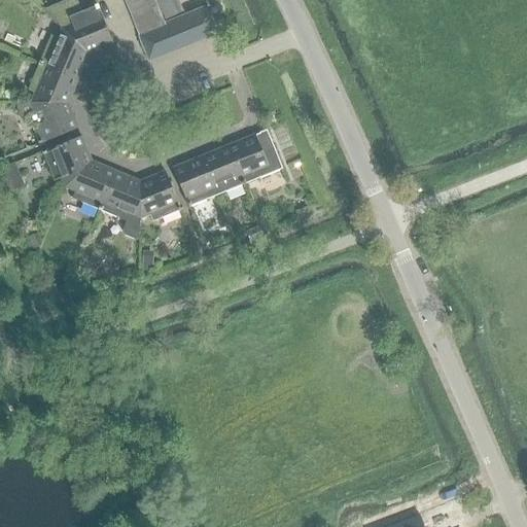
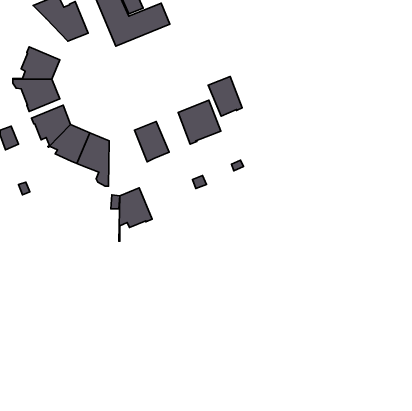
building: [39,24,89,76] -> none
building: [201,143,244,194] -> [208,76,242,116]
building: [140,169,182,237] -> [119,188,152,241]

